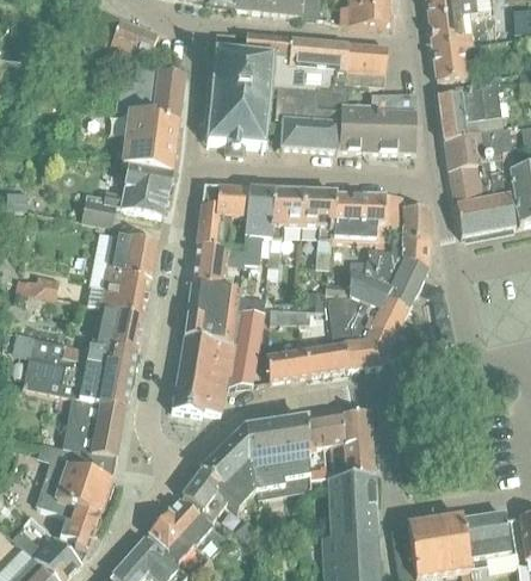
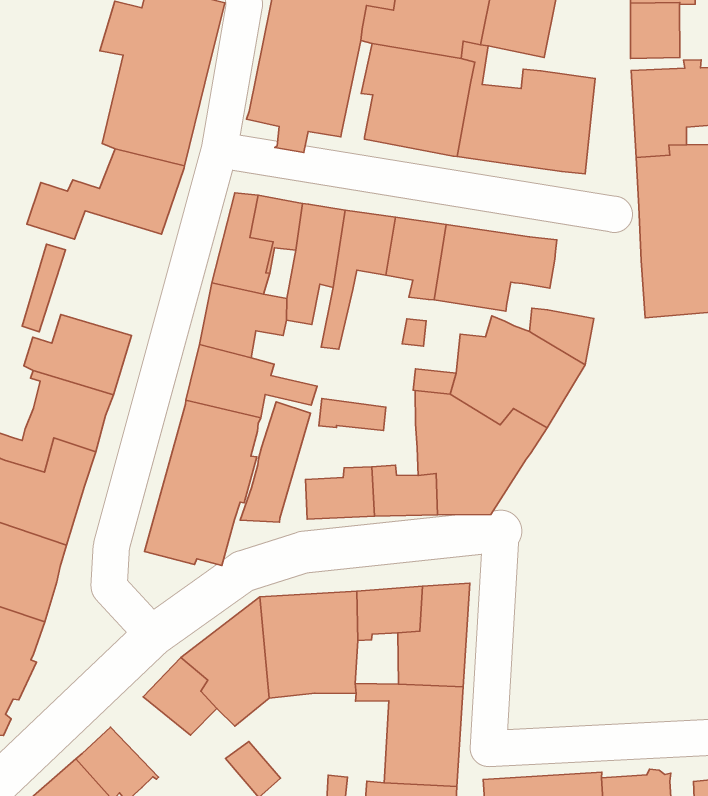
building: [401,205,431,240] -> none
building: [105,234,159,279] -> none
building: [307,443,334,476] -> none
building: [162,501,224,549] -> none

